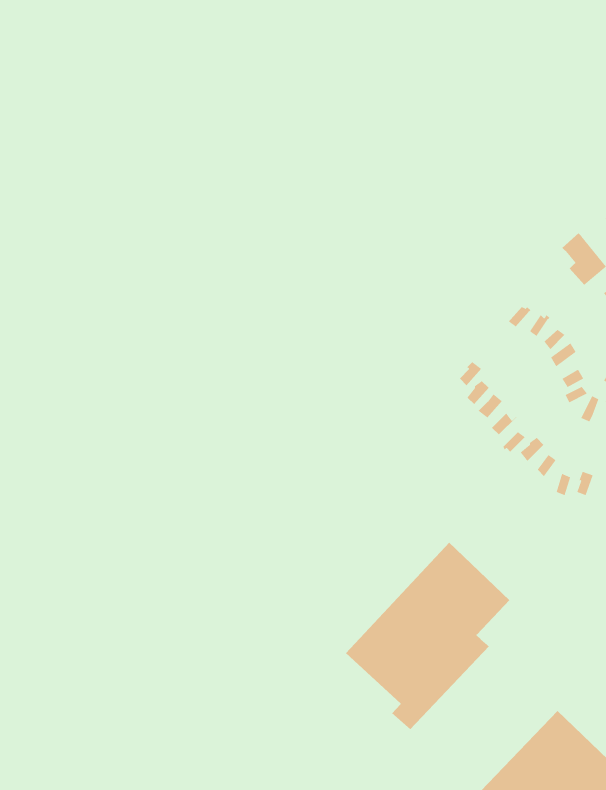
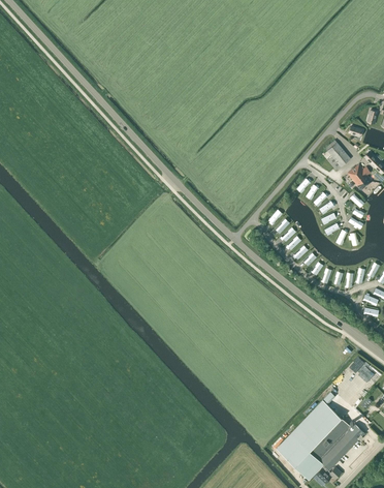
building: [345,542,510,730] -> none

